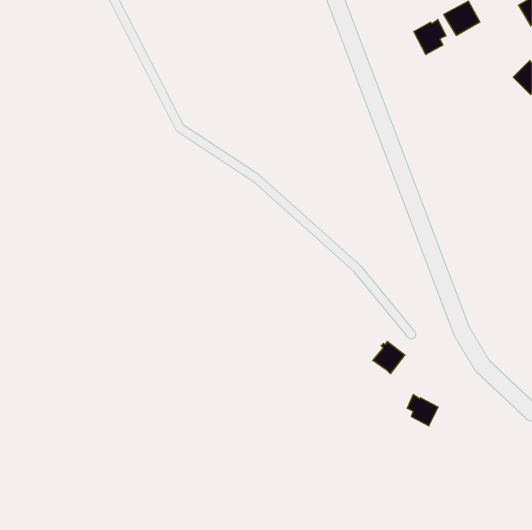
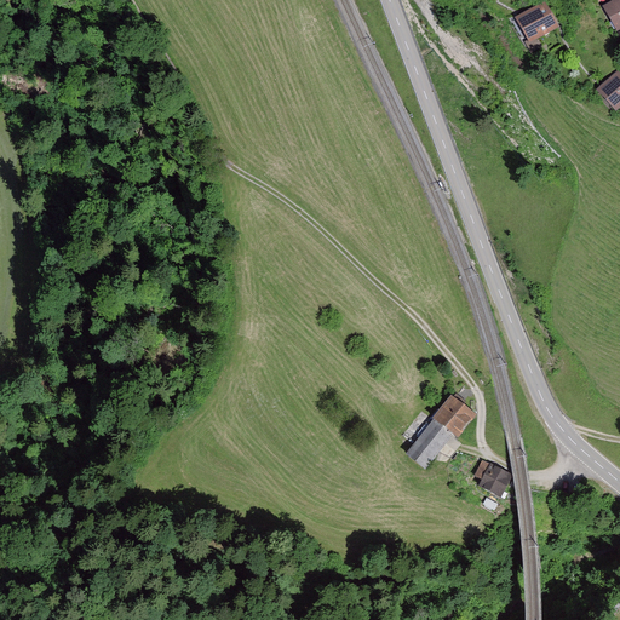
building: [414,19,446,55] -> none
building: none -> [407,419,449,465]

